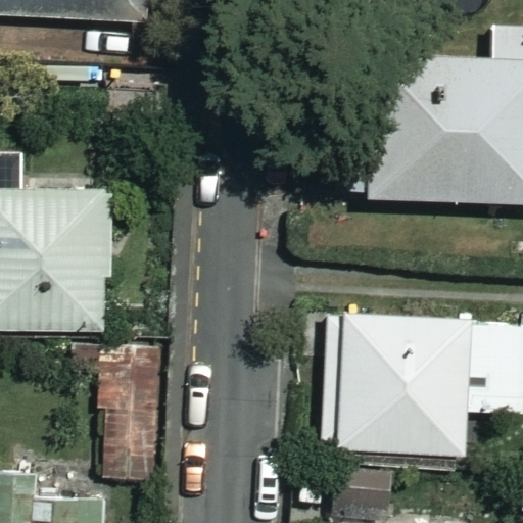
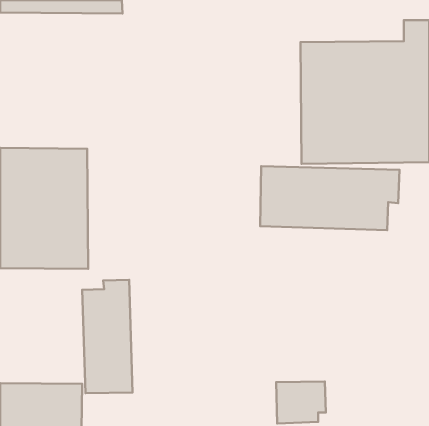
building: none -> [260,166,399,230]
building: [319,310,469,462] -> none

